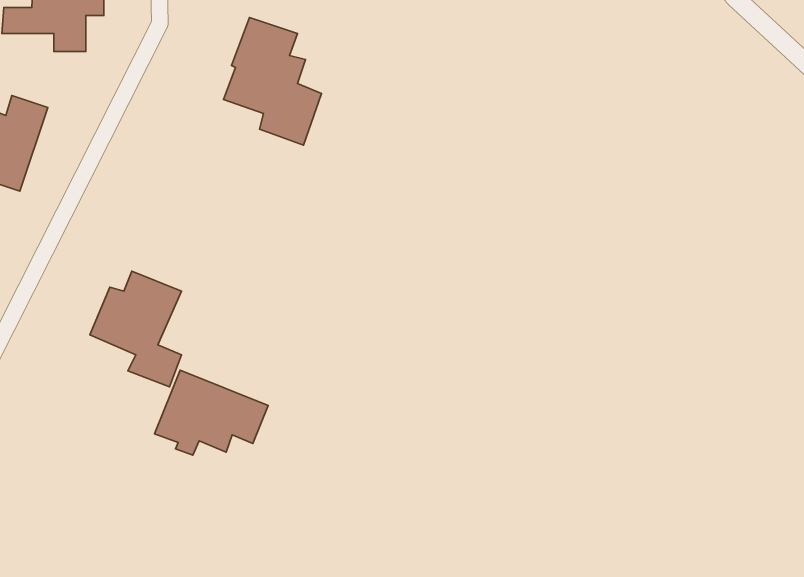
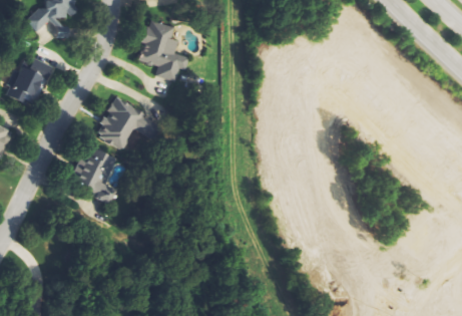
building: none -> [94,96,142,149]
building: [155,370,268,455] -> none

